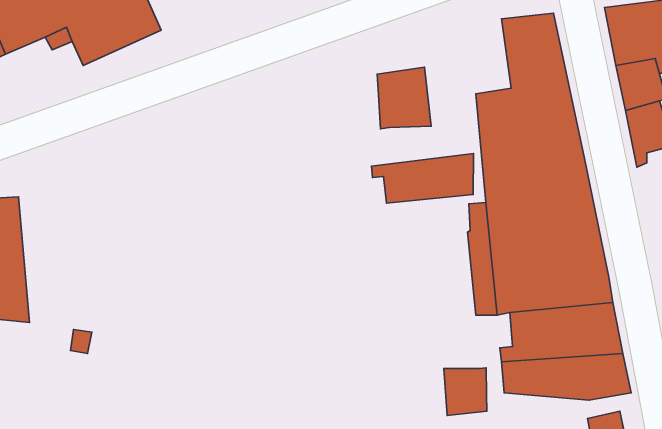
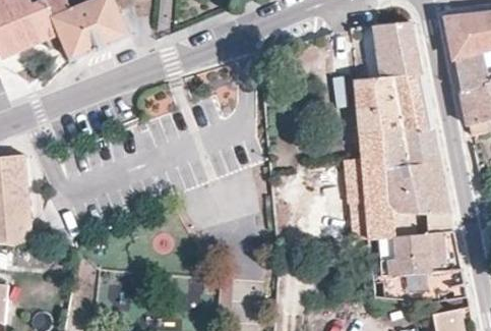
building: [377,67,431,129] -> none
building: [372,154,473,203] -> none
building: [444,368,487,415] -> none

